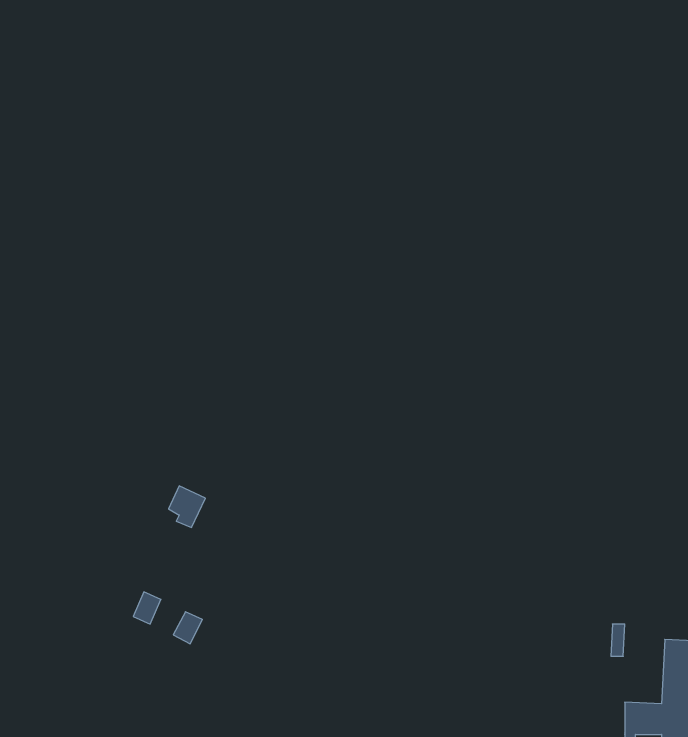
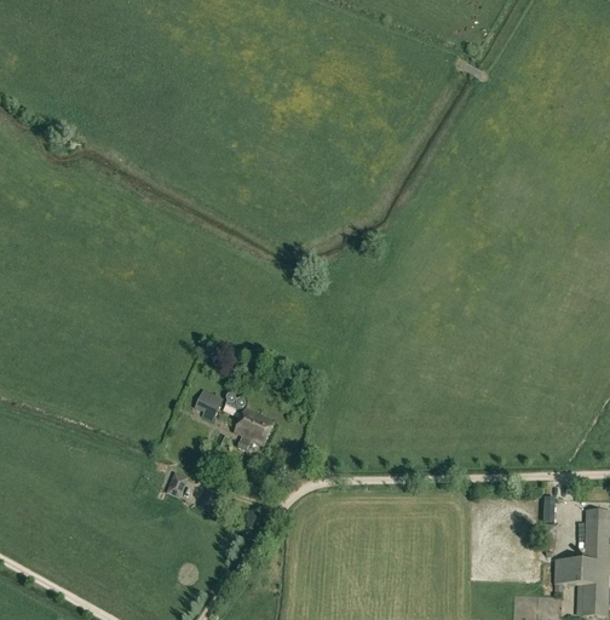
building: none -> [235,408,275,450]

